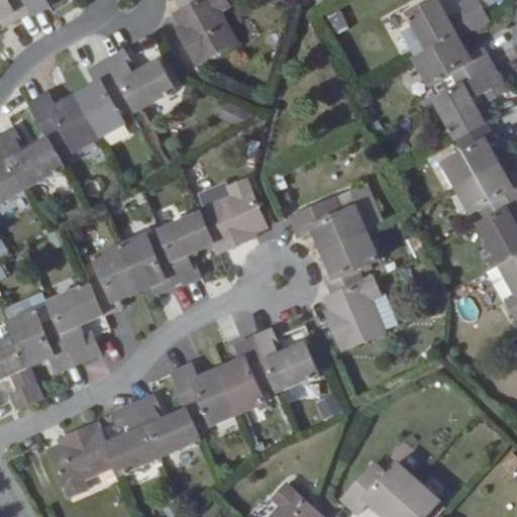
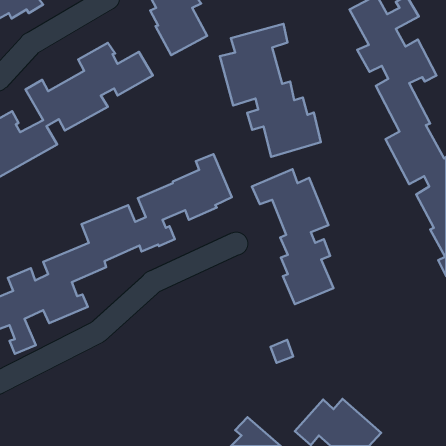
building: none -> [220,24,321,157]
building: [46,326,317,496] -> none

